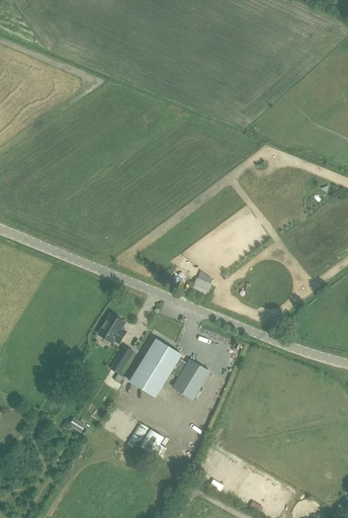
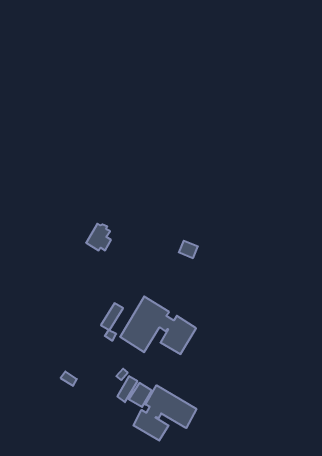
building: [98,314,124,342] -> [86,224,111,250]
building: none -> [133,385,196,441]

